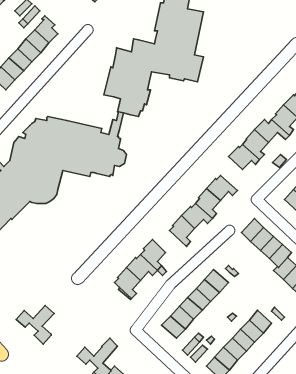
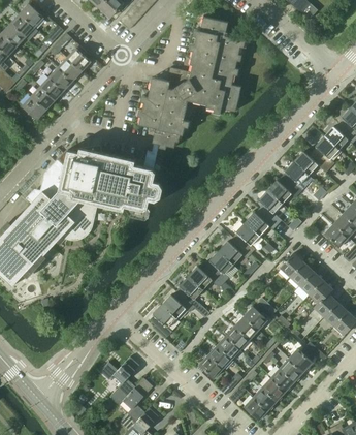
building: none -> [258,189,282,224]
building: none -> [189,266,224,288]
building: [16,305,54,344] -> [100,355,139,396]

